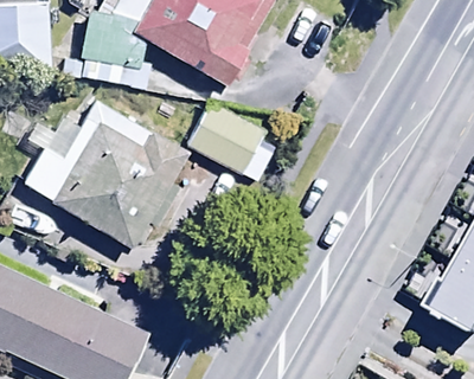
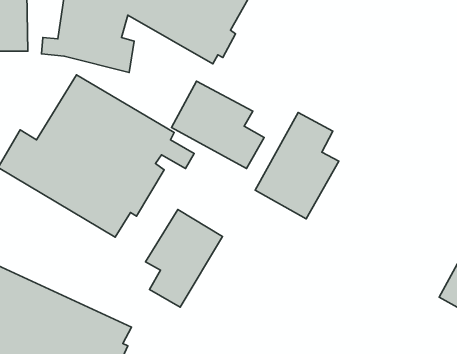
building: none -> [255,112,339,219]
building: none -> [146,209,222,307]

